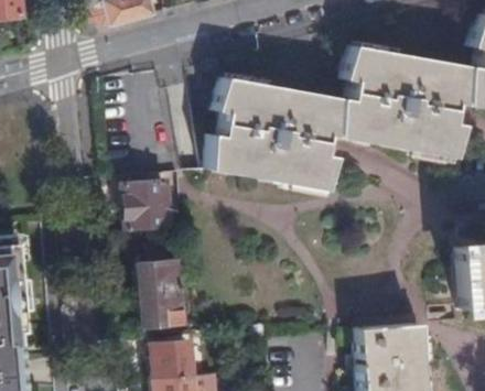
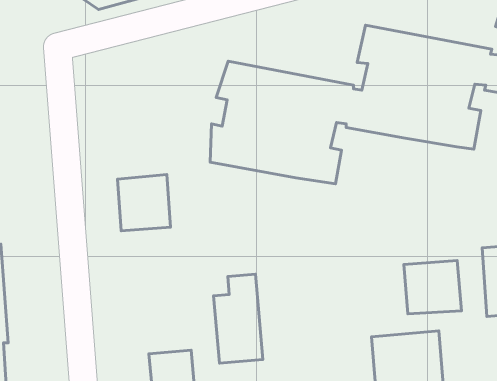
building: [137,243,182,325] -> [213,274,263,363]
building: none -> [404,260,461,314]

